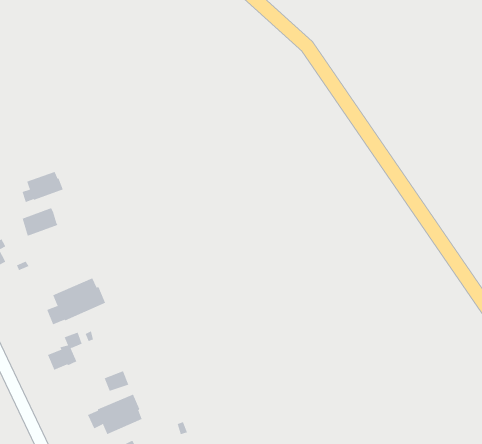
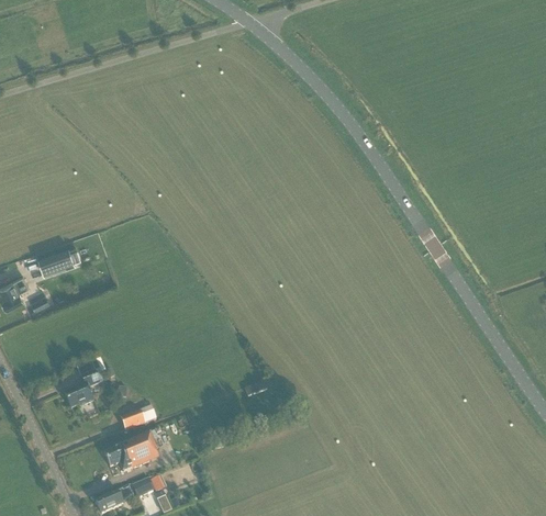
building: [22,171,63,203] -> none
building: [47,278,106,325] -> none

